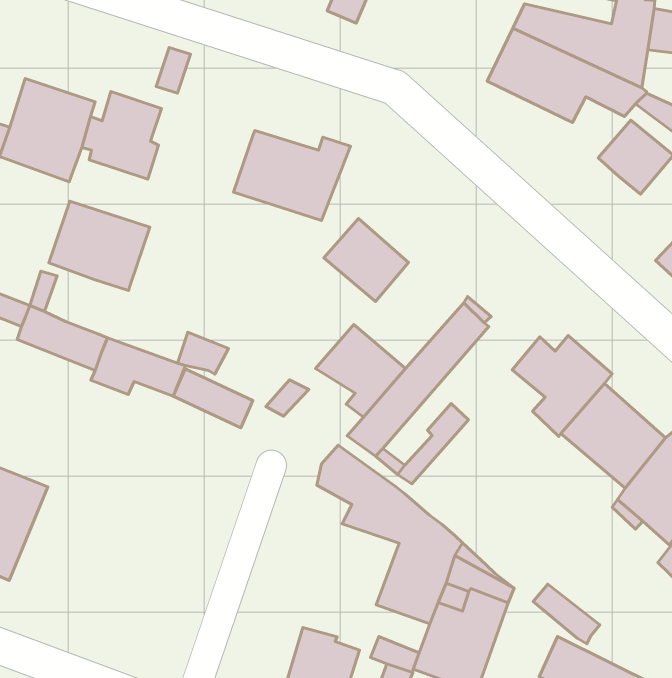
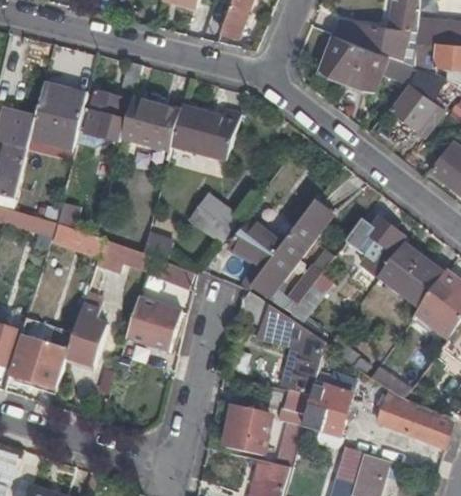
building: [49,201,150,291] -> [122,99,181,150]
building: [324,219,409,302] -> [190,195,241,244]
building: none -> [65,293,107,367]
building: none -> [126,297,180,350]

